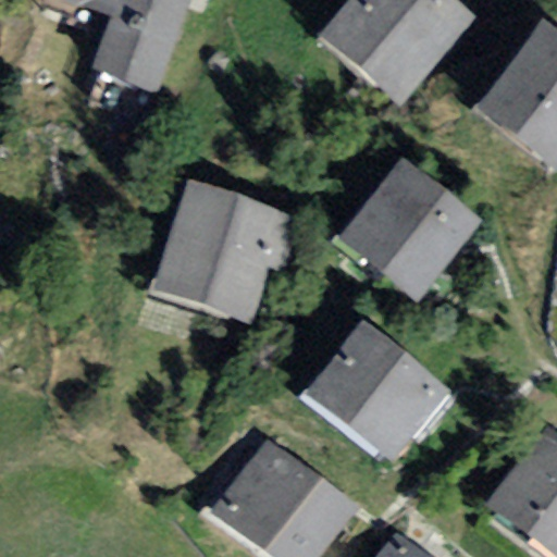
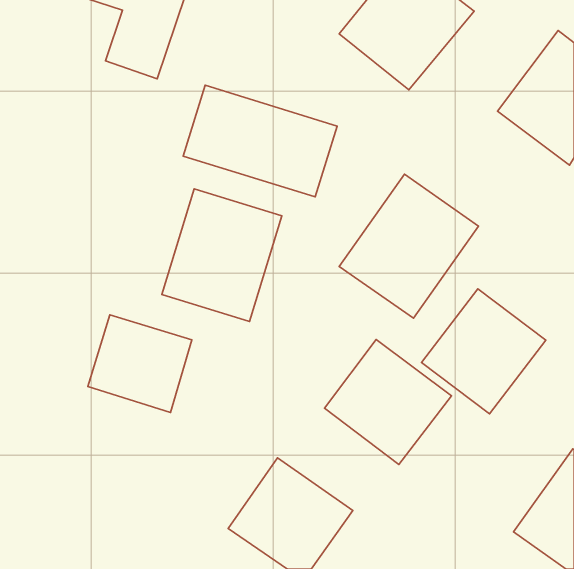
building: none -> [183,85,337,197]
building: none -> [422,289,546,414]
building: none -> [88,315,192,412]

